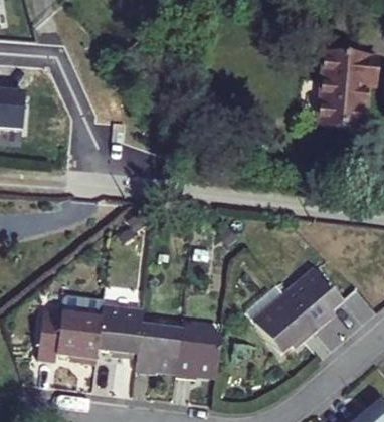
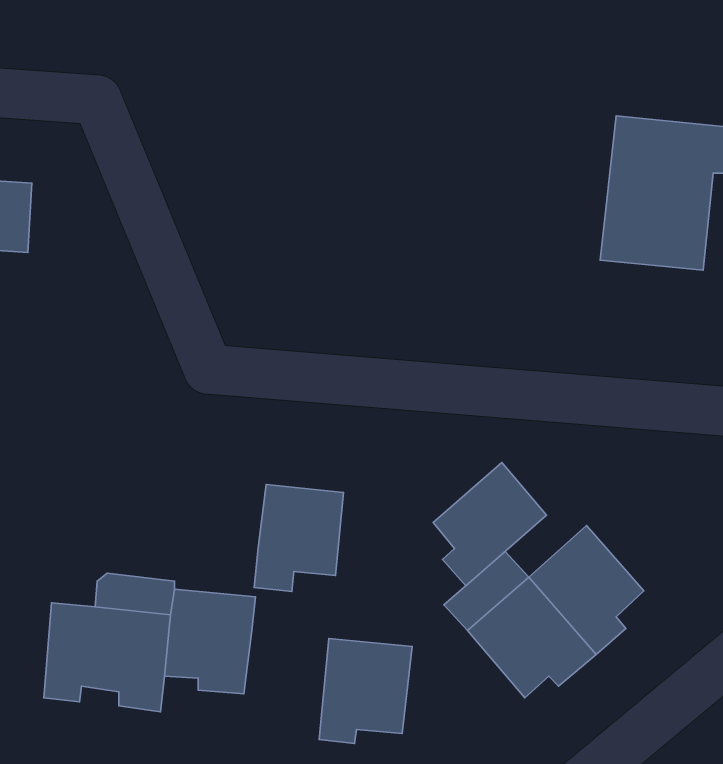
building: none -> [433,463,546,586]
building: [135,321,180,375] -> [254,485,343,591]

